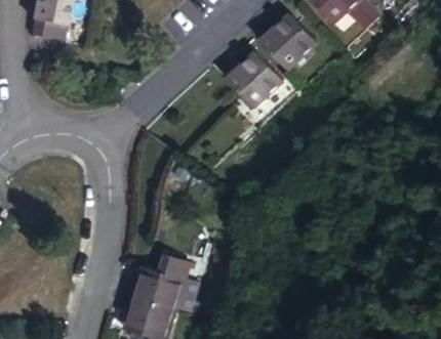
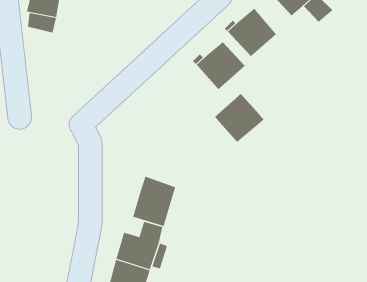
building: none -> [214,93,265,143]
building: none -> [132,176,176,227]

